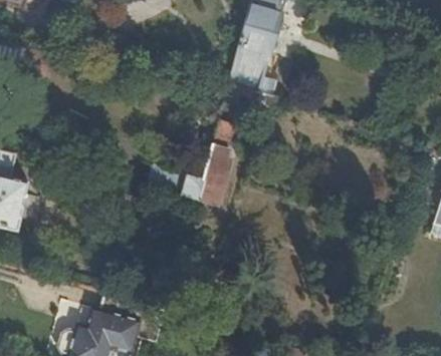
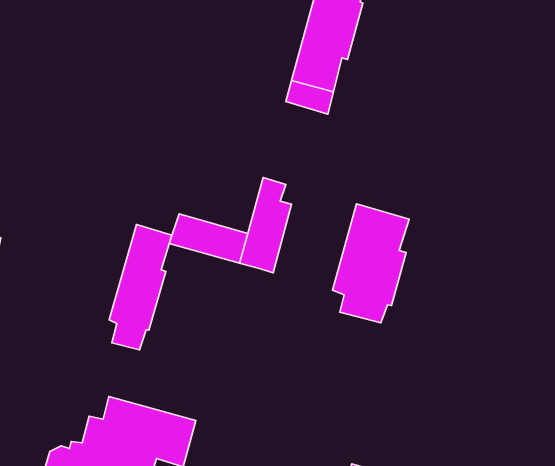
building: none -> [333,204,409,323]
building: none -> [109,225,172,350]

